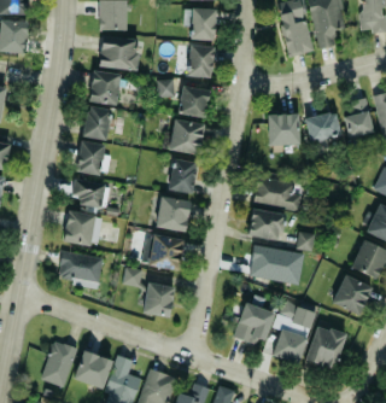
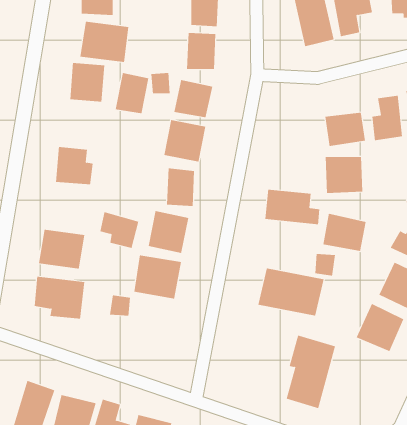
building: [83,105,112,140] -> [115,72,149,114]
building: [268,113,300,145] -> [325,156,363,193]
building: [71,177,105,209] -> [99,212,139,249]
building: [247,208,285,240] -> [322,213,367,252]
building: [142,281,175,317] -> none
building: [234,302,275,345] -> none
building: [305,325,346,369] -> none

